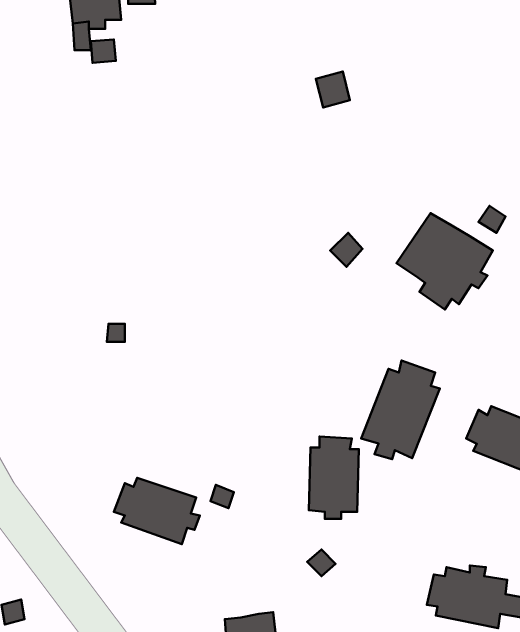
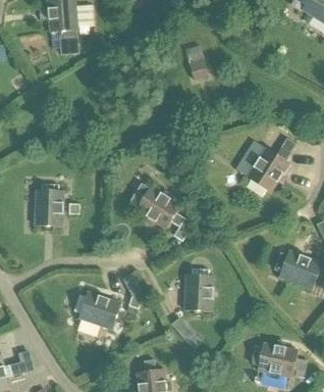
building: none -> [35,185,63,232]
building: none -> [132,186,180,228]
building: [361,361,440,459] -> none

